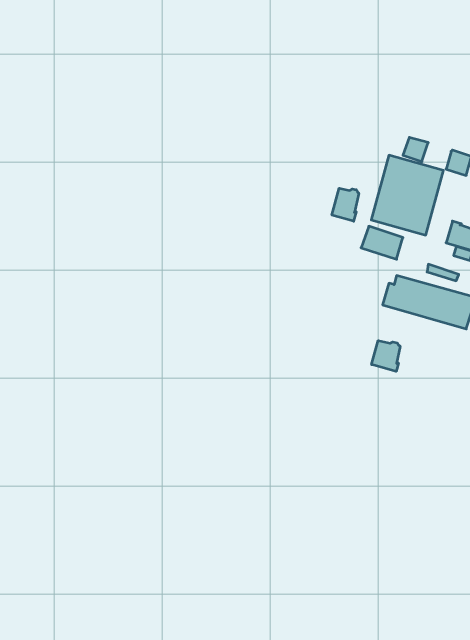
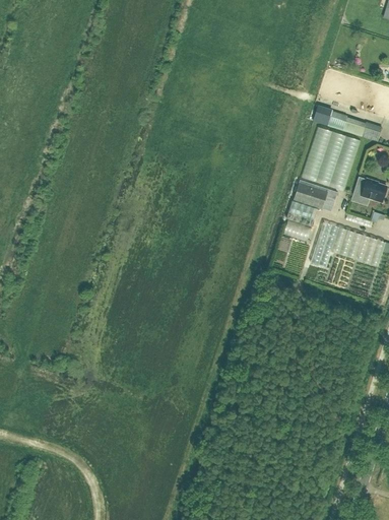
building: [332,188,359,221] -> none
building: [372,341,400,371] -> none

